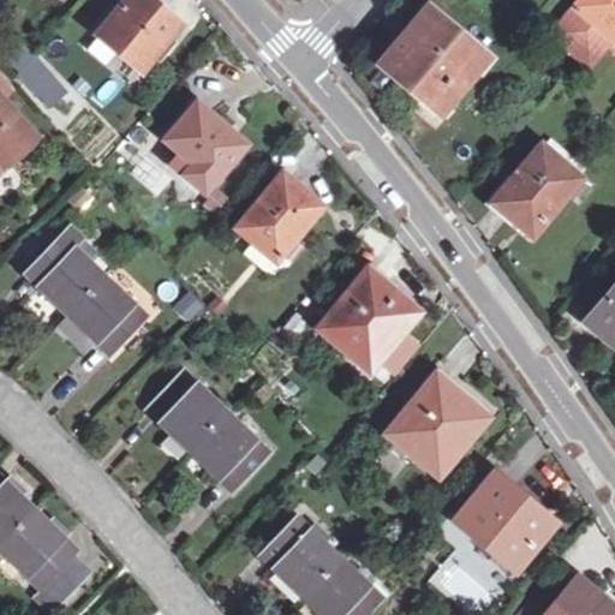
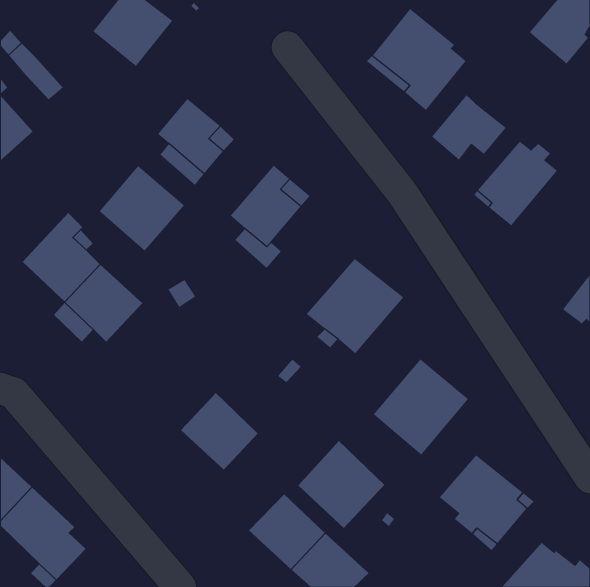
building: none -> [431,95,507,160]
building: none -> [99,165,185,252]
building: [145,369,225,448] -> none
building: none -> [297,440,385,529]

